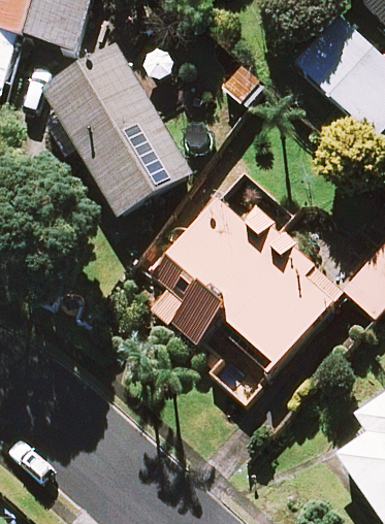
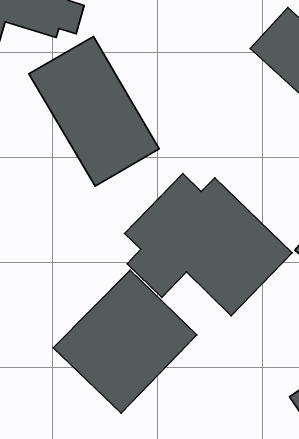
building: none -> [53,270,197,413]

